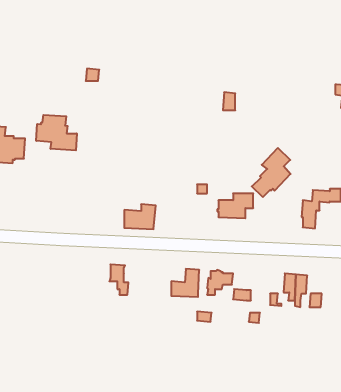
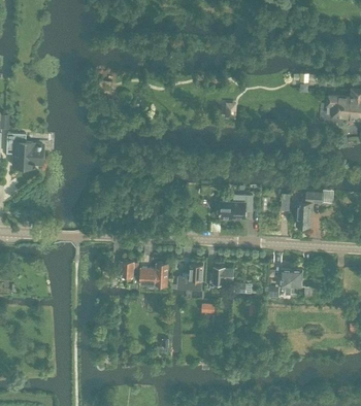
building: [36,115,77,150] -> none
building: [252,148,291,197] -> none
building: [124,204,156,229] -> [140,263,169,285]

